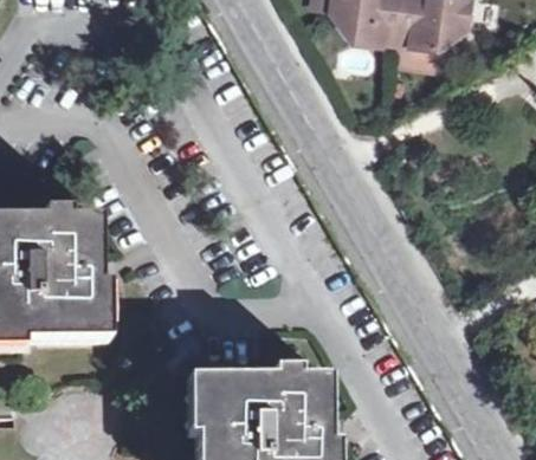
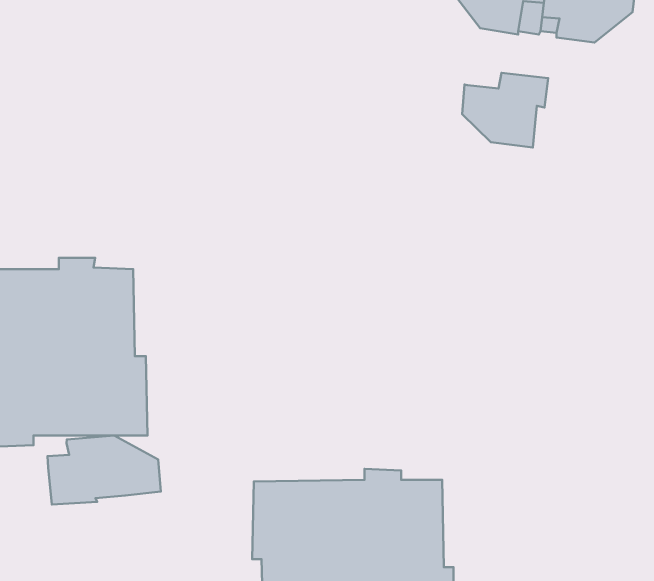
building: none -> [462,73,548,148]
building: none -> [47,436,161,505]

